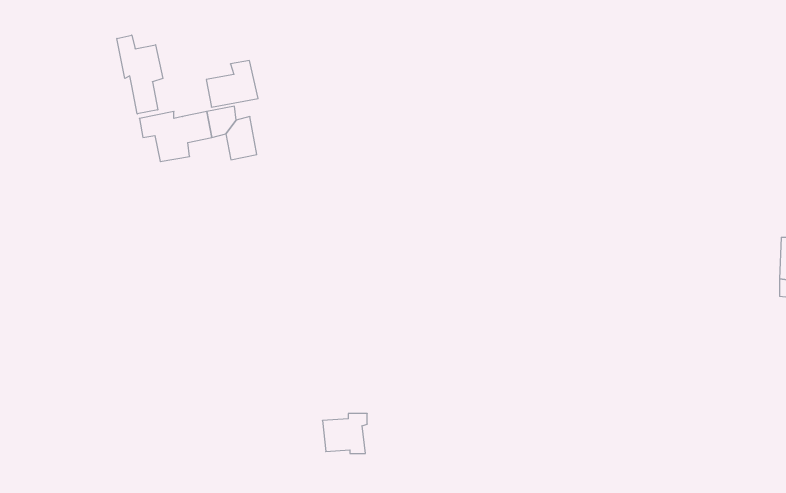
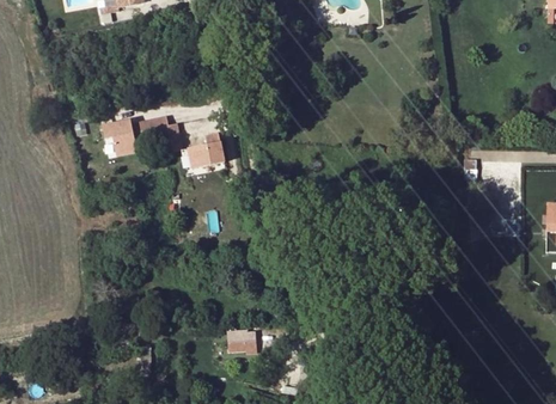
building: [117,35,163,114] -> none
building: [206,61,258,107] -> [188,133,224,165]

